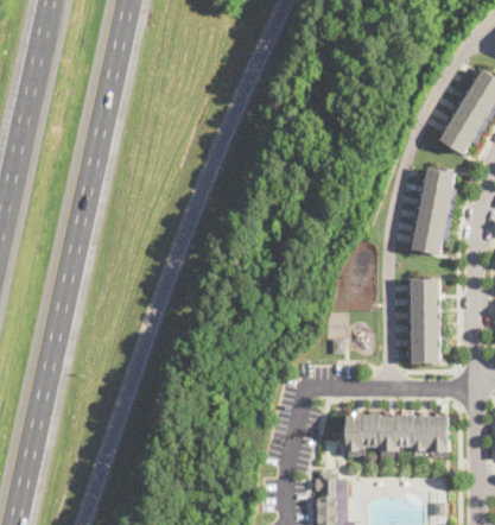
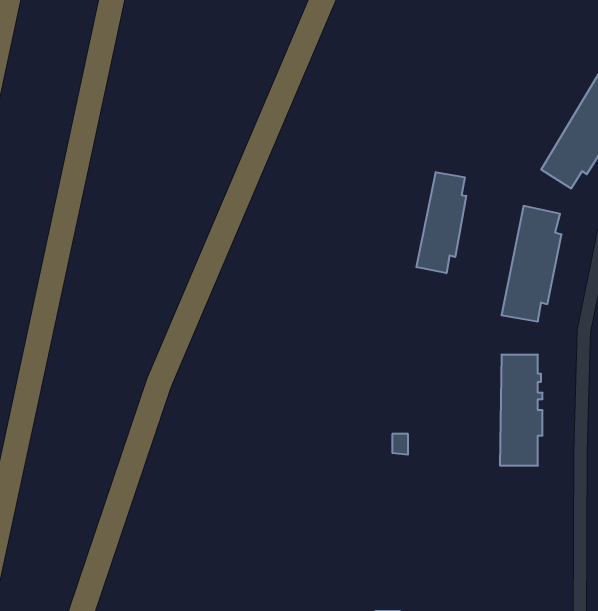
building: none -> [416,172,466,273]
building: [347,413,446,456] -> none

